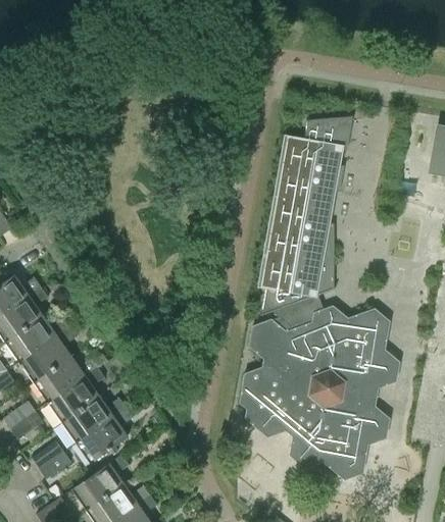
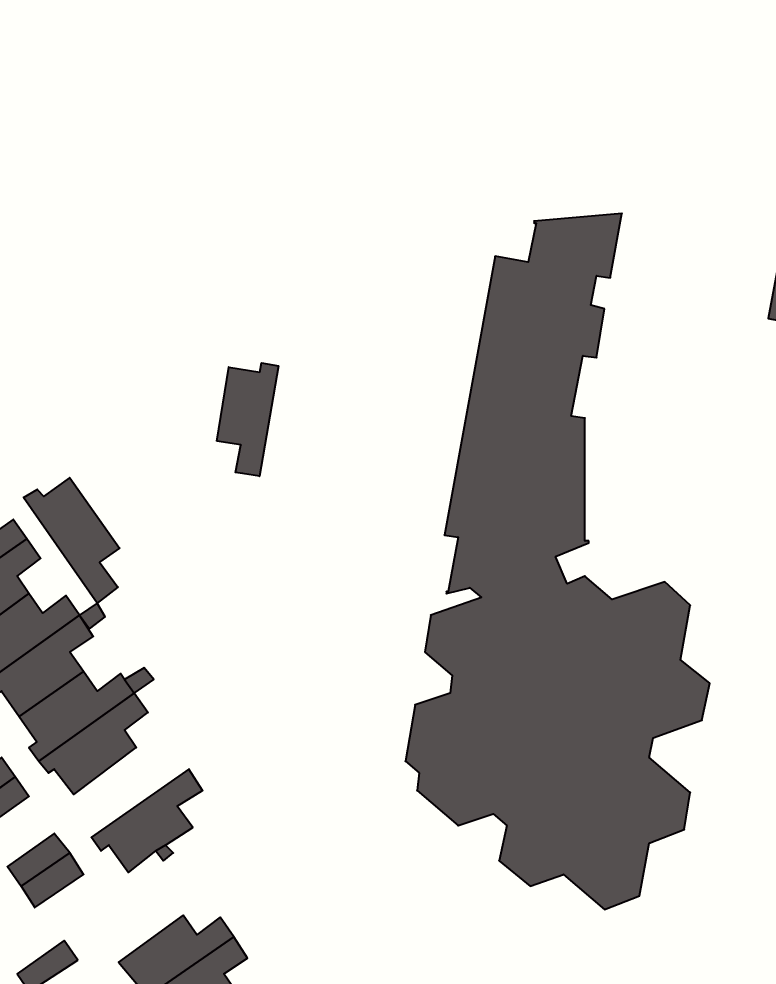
building: none -> [217,363,278,476]
building: none -> [24,478,120,603]
building: [66,396,127,442] -> none
building: [71,454,130,508] -> none

